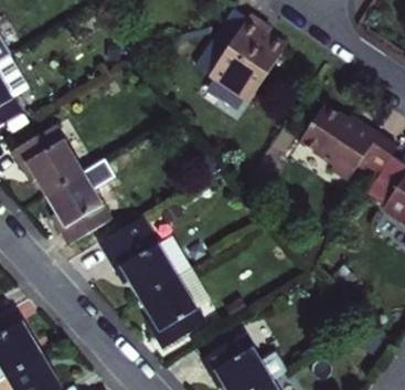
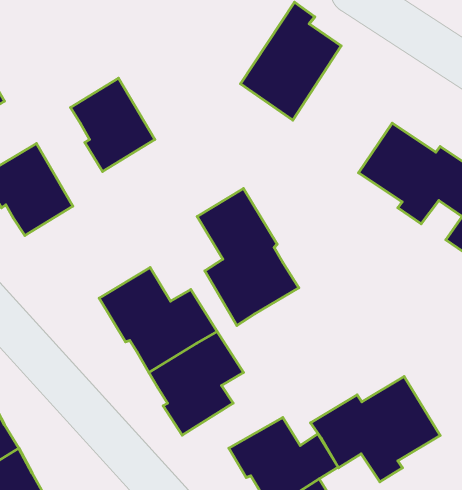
building: none -> [197,189,299,326]
building: [46,168,110,239] -> [70,78,155,172]
building: none -> [310,376,440,482]

